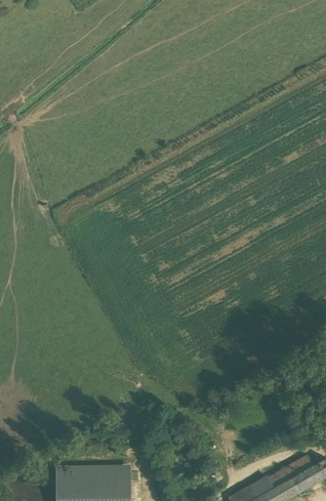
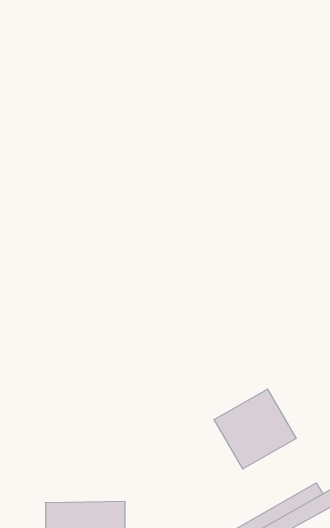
building: none -> [214,389,296,469]

